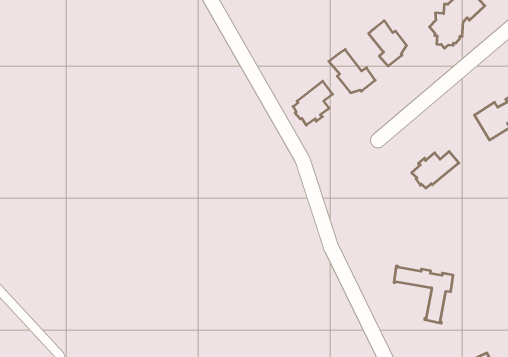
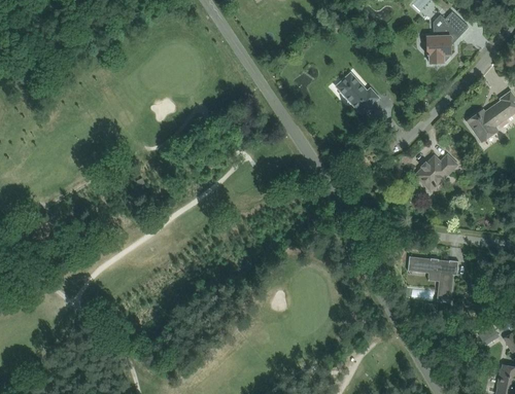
building: [369,21,407,66] -> none
building: [293,81,333,125] -> none

